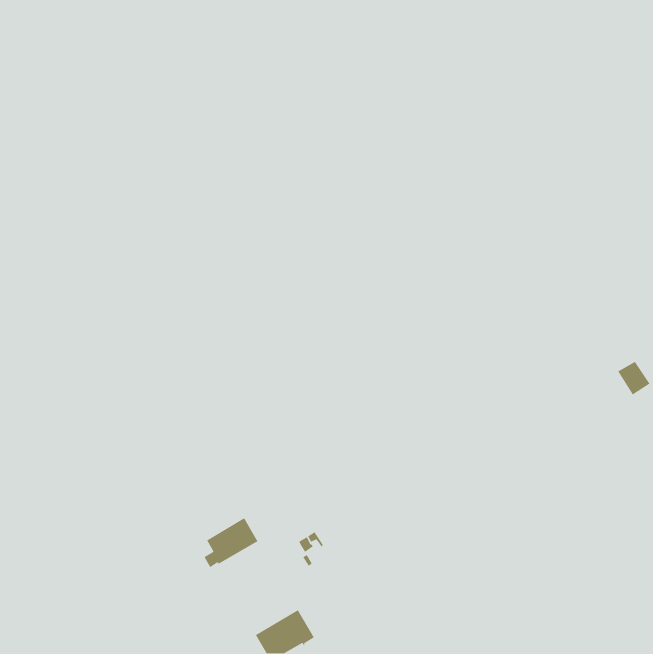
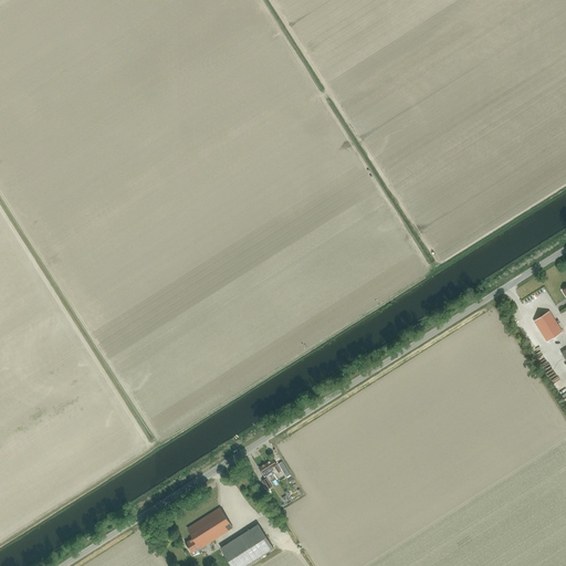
building: [203,517,259,568] -> [185,507,232,552]

